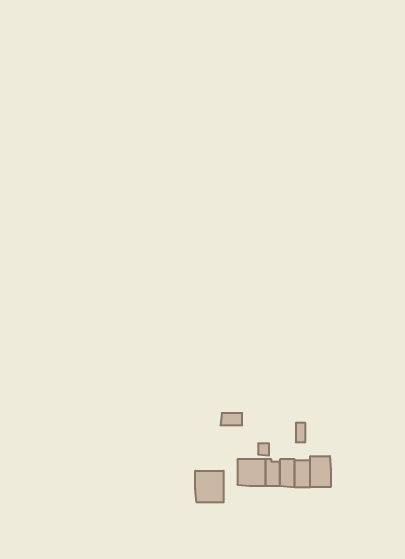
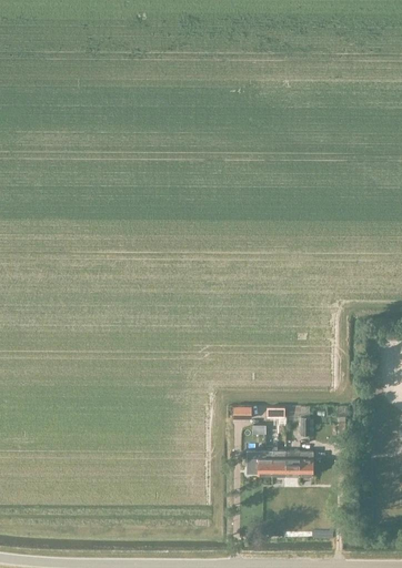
building: [310,456,331,487] -> none
building: [195,471,224,502] -> none

